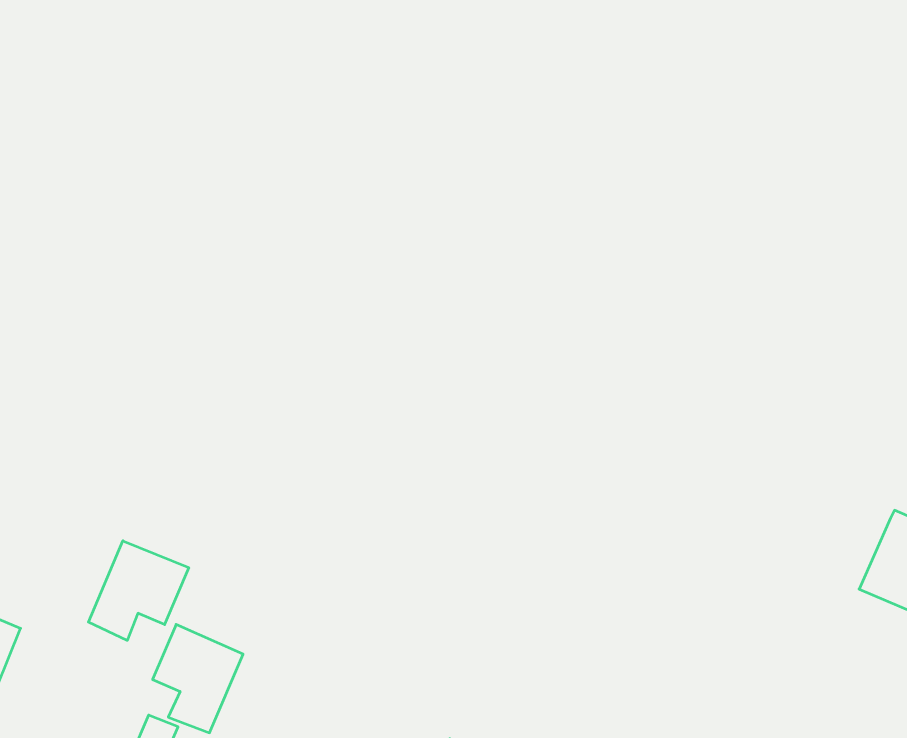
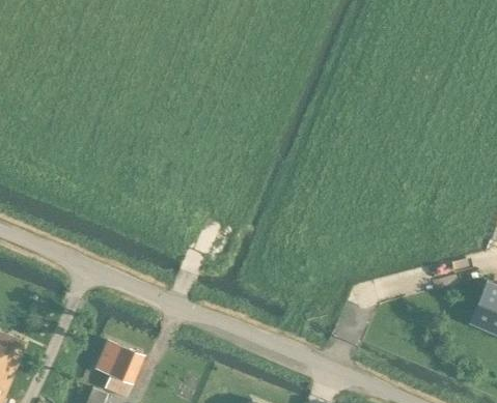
building: [88,541,189,640] -> none

